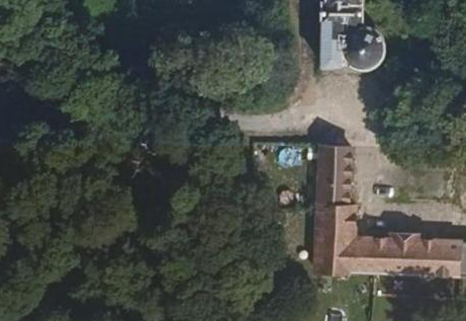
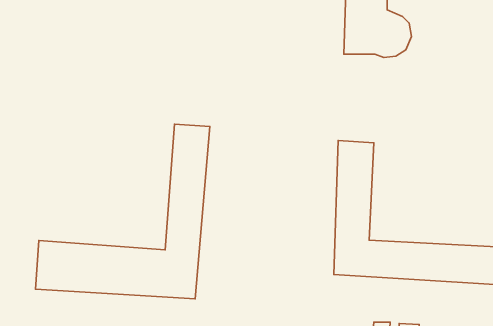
building: none -> [36,124,210,299]

